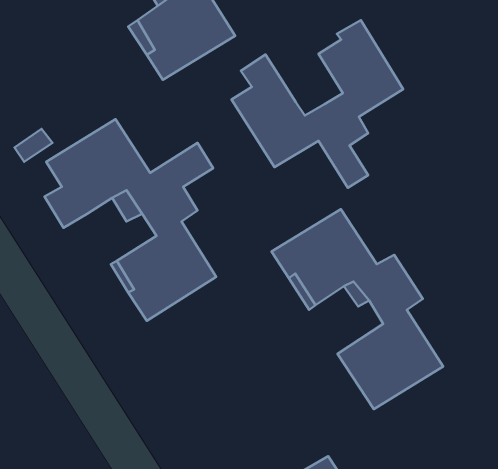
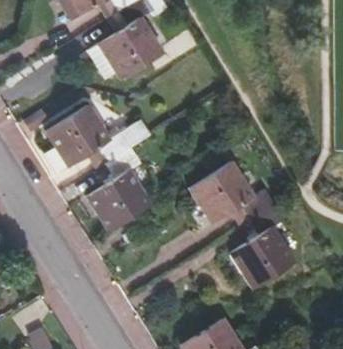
building: [232,20,403,188] -> none

